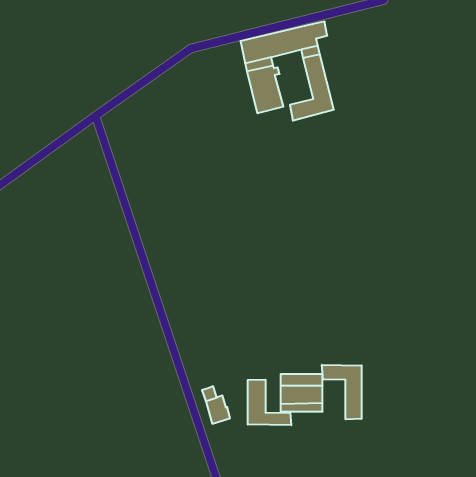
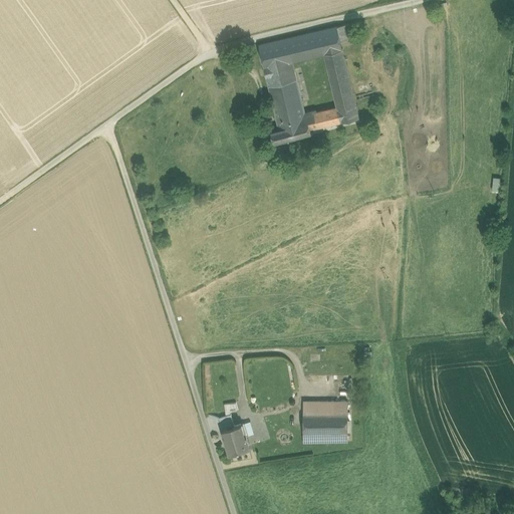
building: none -> [271,113,314,144]
building: [322,365,362,419] -> none
building: [248,380,291,425] -> none

